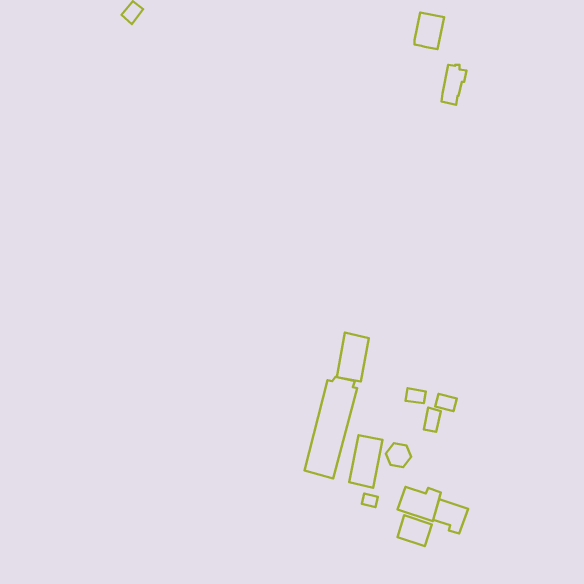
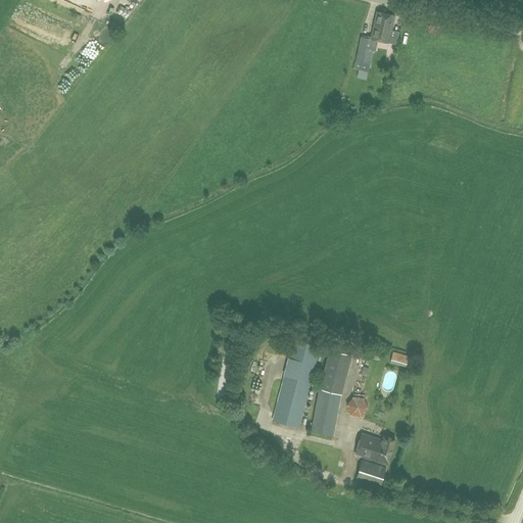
building: [441,65,467,105] -> [353,37,376,73]
building: [337,332,369,382] -> [320,349,348,393]
building: [433,499,468,533] -> none

